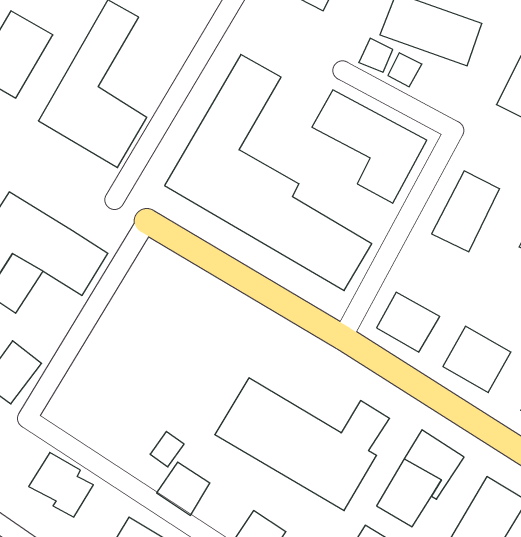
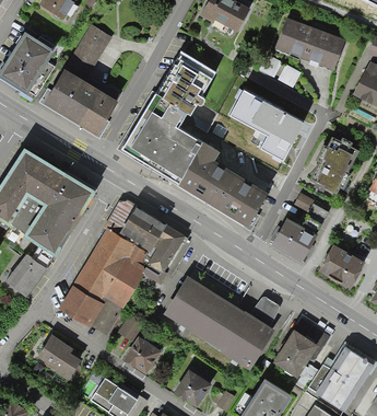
building: none -> [58,200,185,335]
building: none -> [27,208,73,256]

